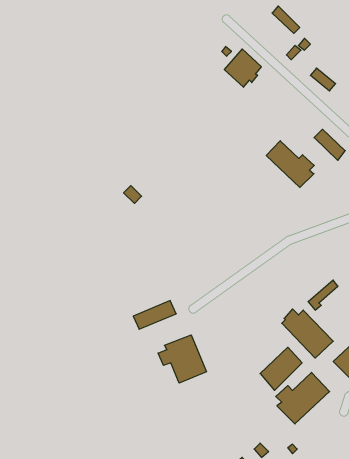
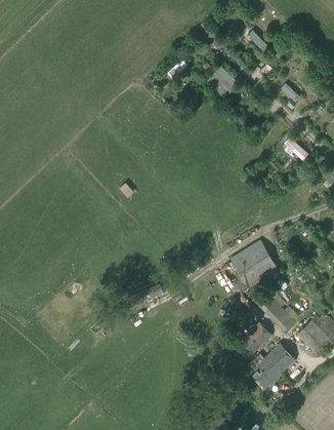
building: [266,141,314,187] -> none
building: none -> [231,239,279,287]
building: [158,335,207,383] -> none

